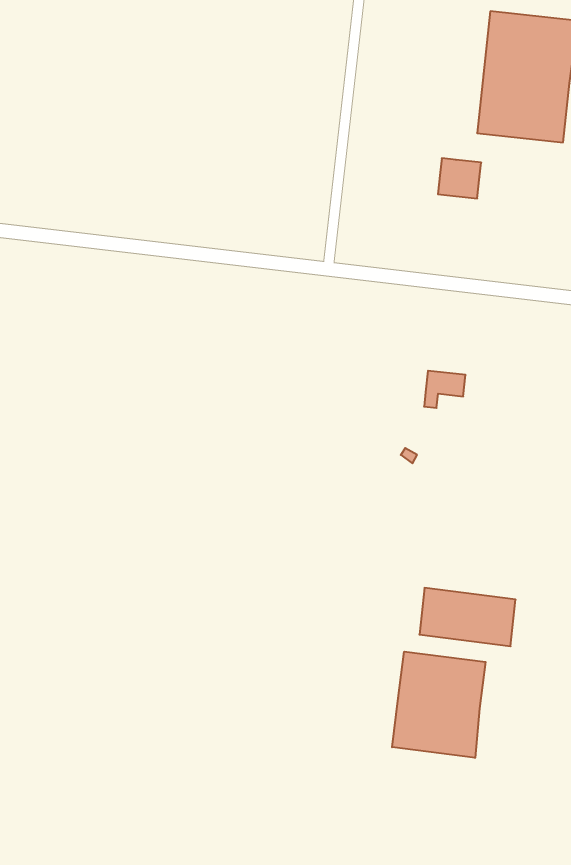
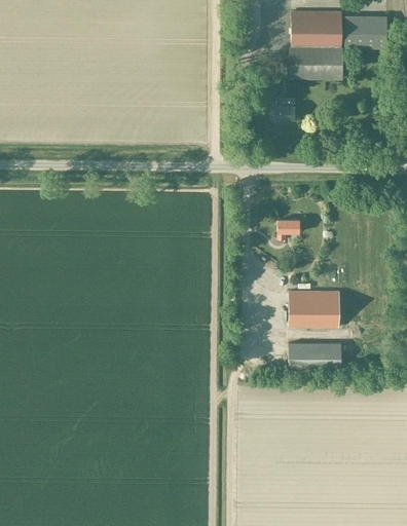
building: none -> [290,291,339,327]
building: [392,652,486,758] -> none

